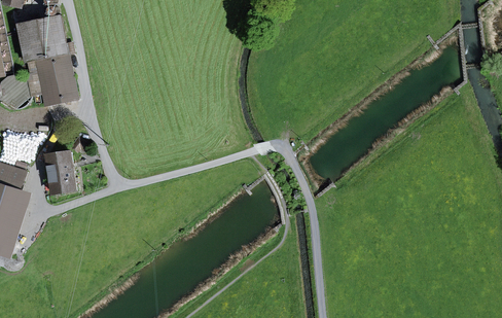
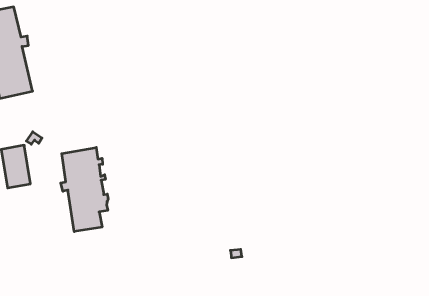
building: none -> [61,147,108,232]

